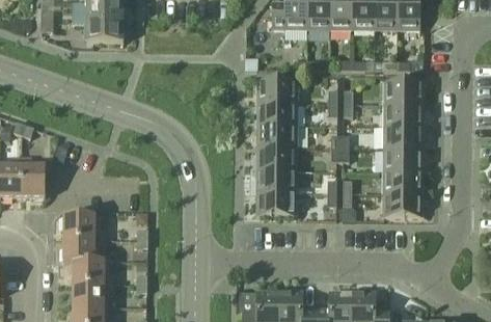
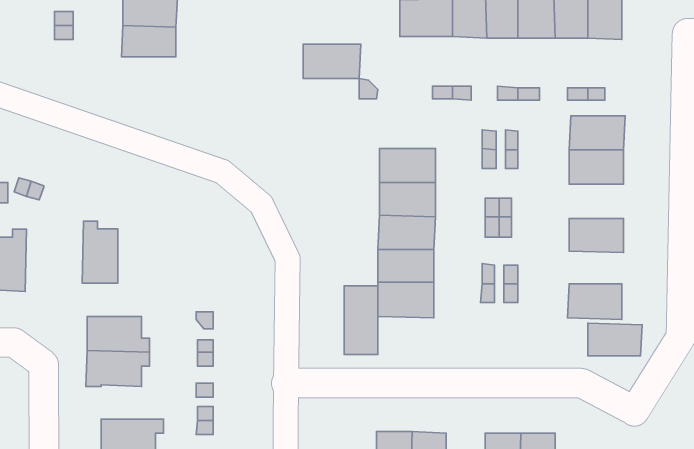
building: [257,79,296,102] -> [303,44,361,78]
building: [384,126,420,149] -> none
building: [21,156,45,197] -> [82,221,118,283]
building: [384,170,420,192] -> [588,323,642,356]
building: none -> [344,286,378,355]
building: [72,259,113,283] -> none

